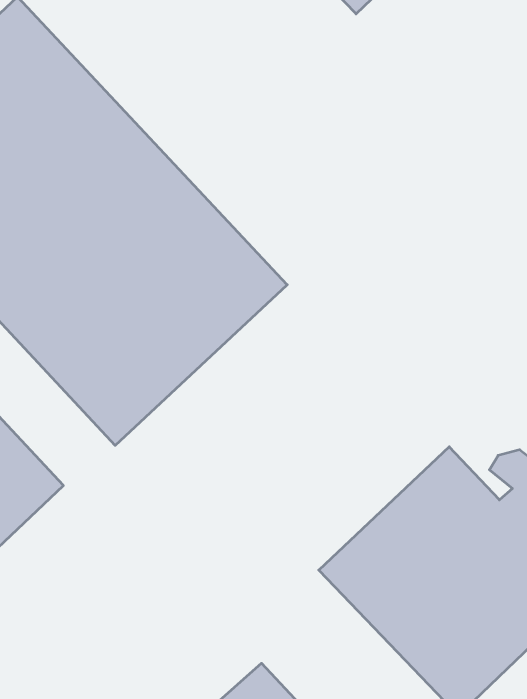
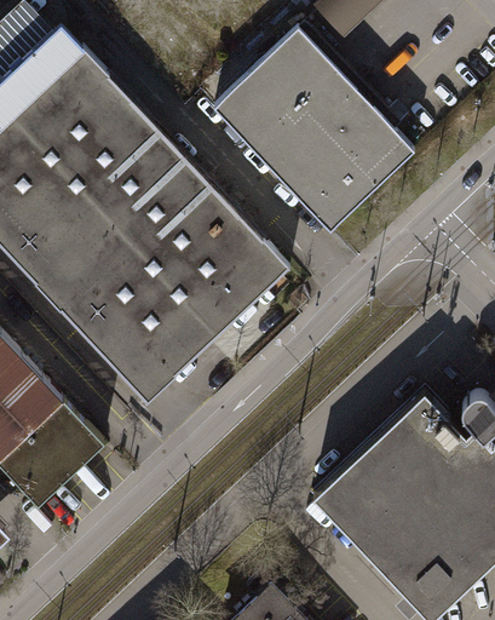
building: none -> [219,38,416,235]

